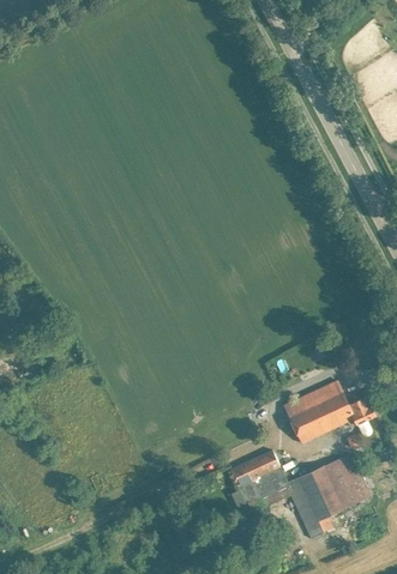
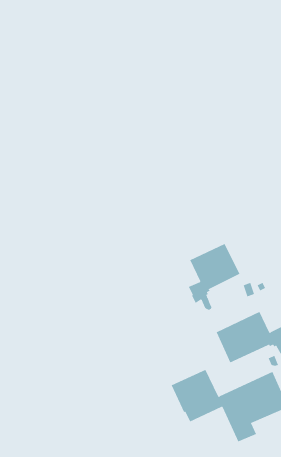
building: none -> [188,243,240,311]

